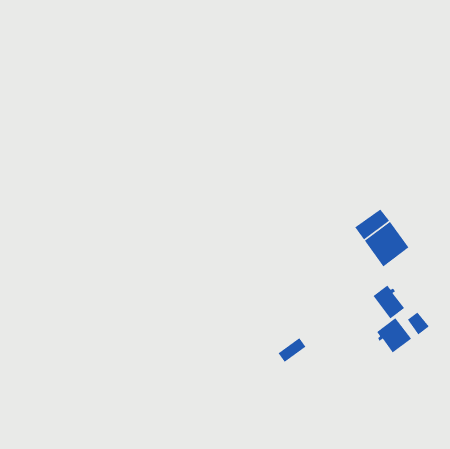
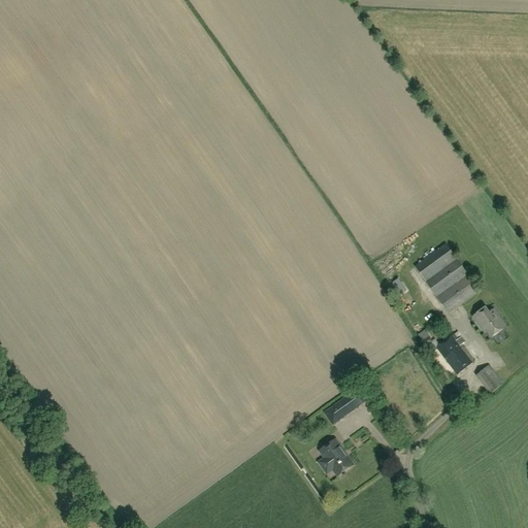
building: none -> [473,308,503,336]
building: [376,317,412,353] -> none
building: none -> [319,439,354,475]

